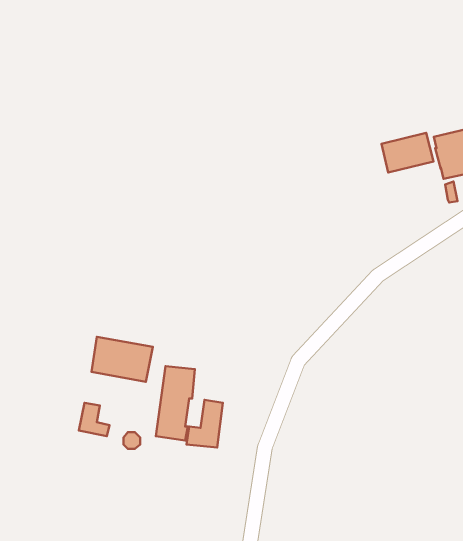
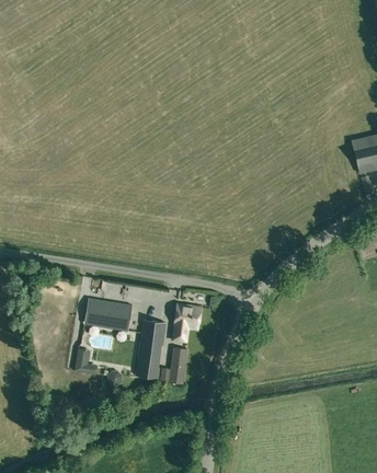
building: [382,133,434,172] -> none
building: none -> [171,303,201,343]

